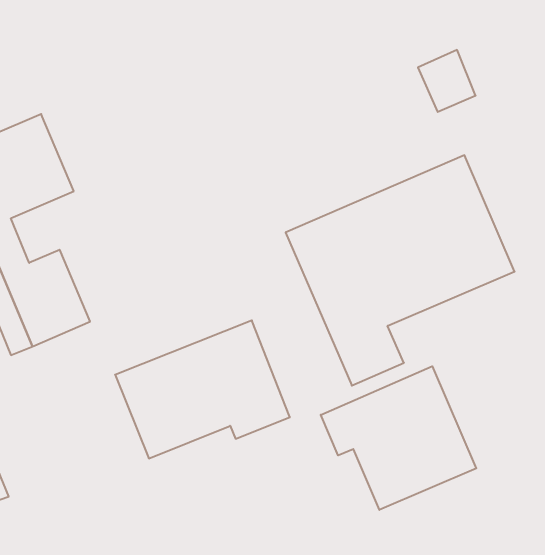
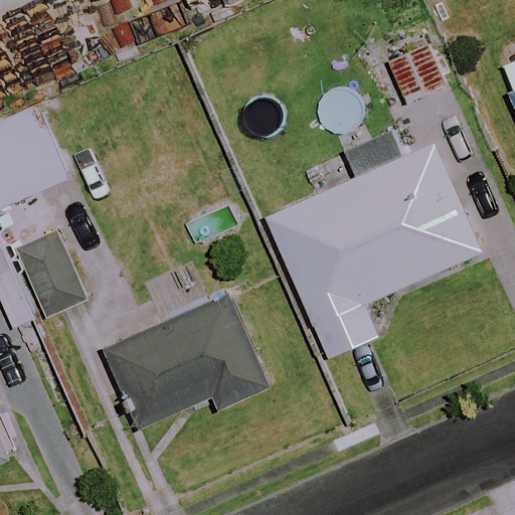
building: [321,366,476,510] -> none

